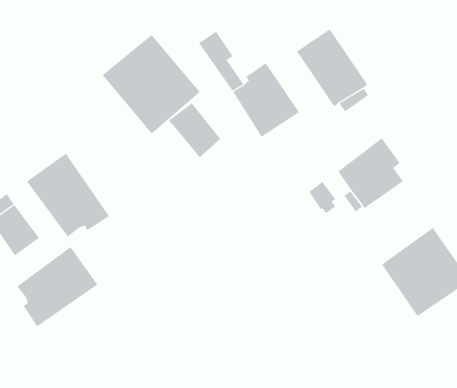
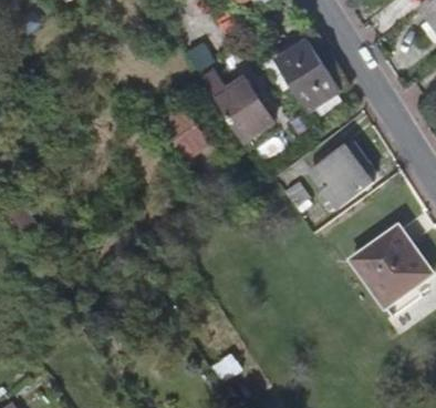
building: [102,34,201,135] -> none
building: [26,153,110,238] -> none
building: [16,246,98,327] -> none

